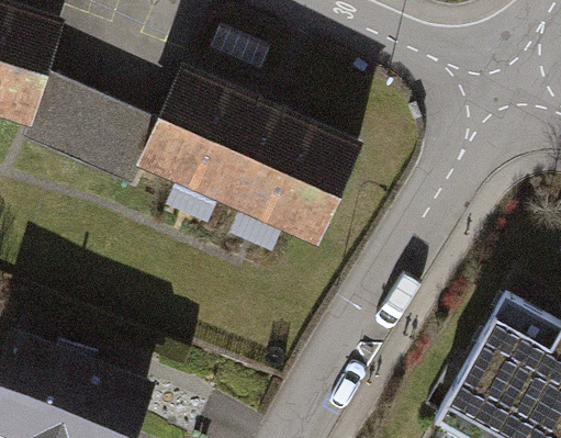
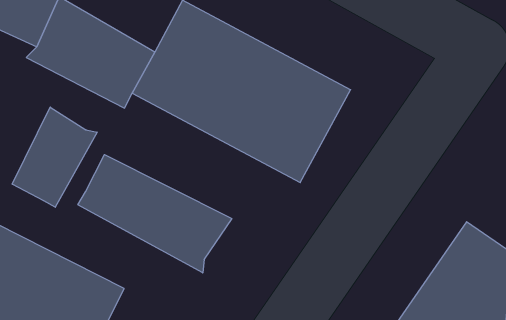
building: none -> [12,107,97,207]
building: none -> [78,155,232,273]

